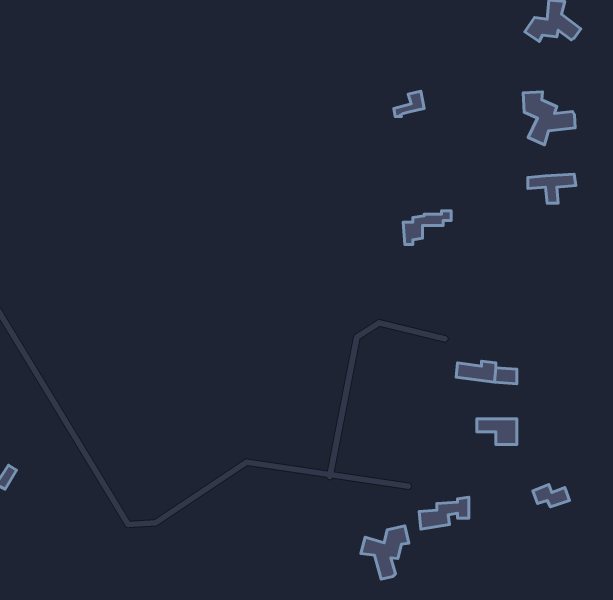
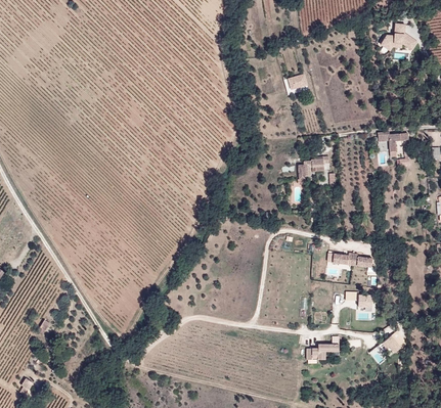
building: [523,92,575,145] -> none
building: [361,526,409,579] -> none

